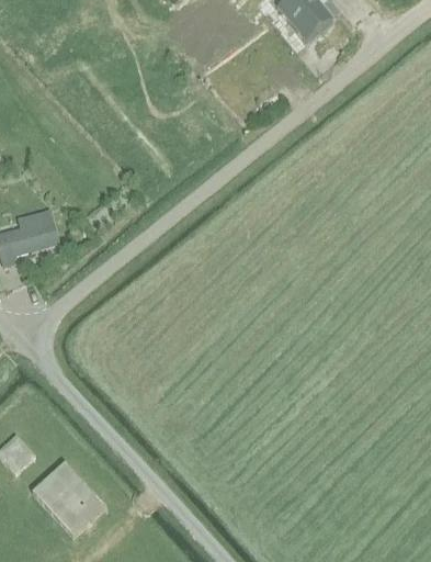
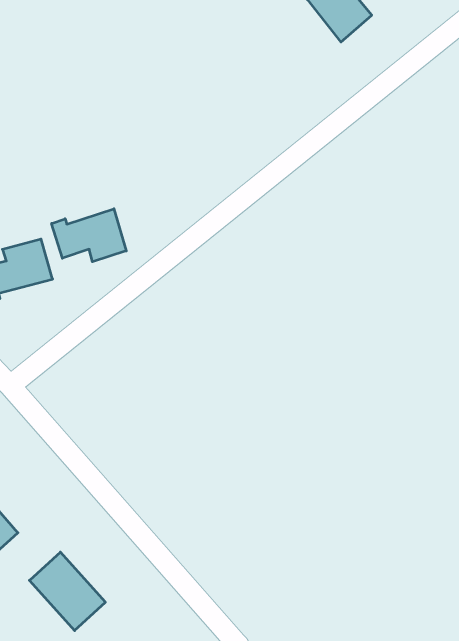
building: none -> [52,209,126,262]

